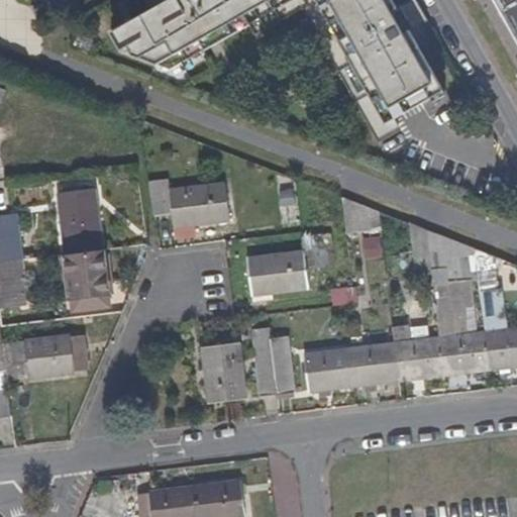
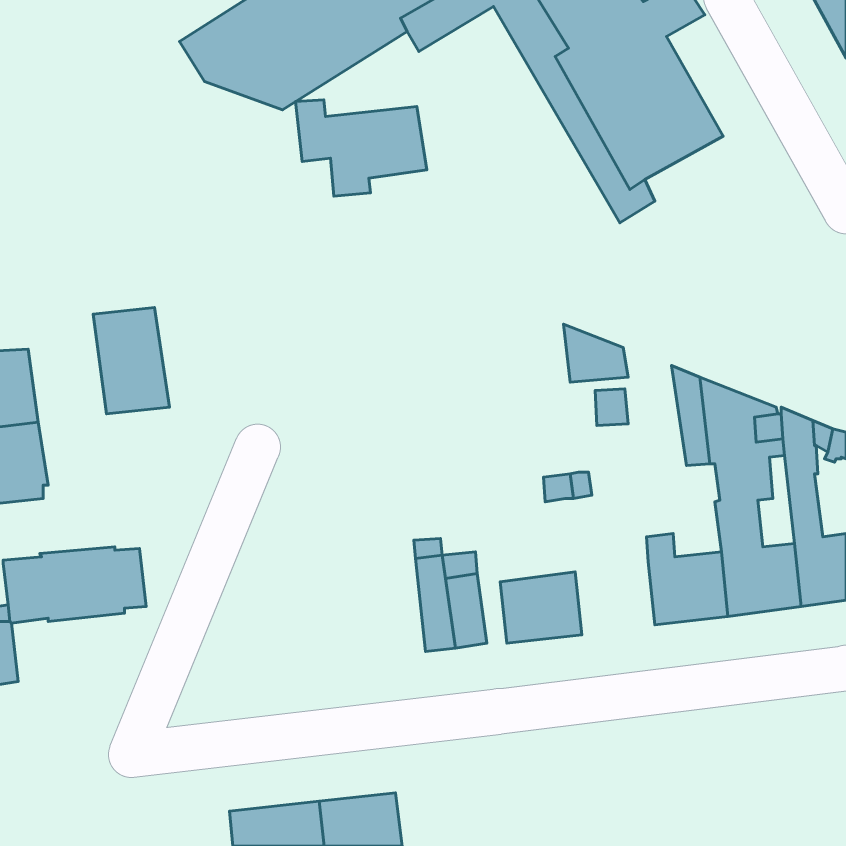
building: [150,178,230,236] -> [296,100,427,196]
building: [247,232,333,302] -> none
building: [65,247,108,311] -> none
building: [349,341,398,386] -> none
building: [202,342,247,403] -> none

